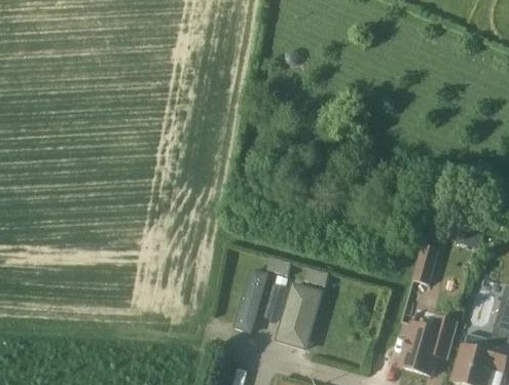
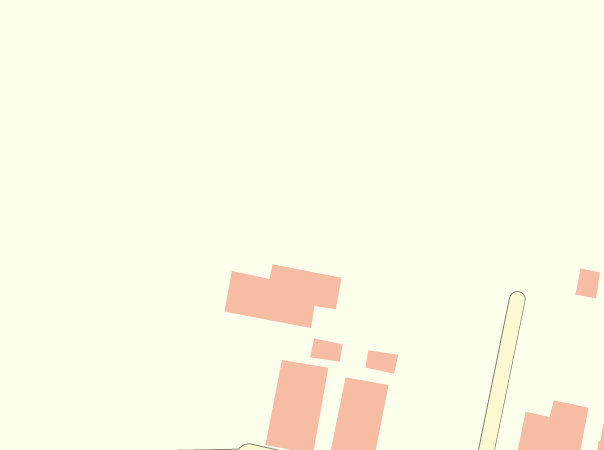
building: none -> [224,263,342,329]
building: [413,241,440,281] -> none

